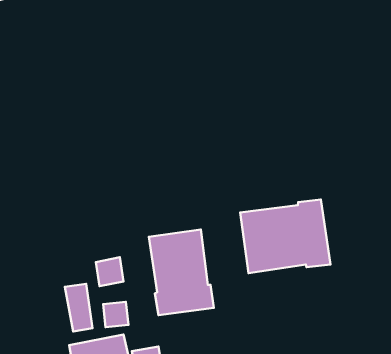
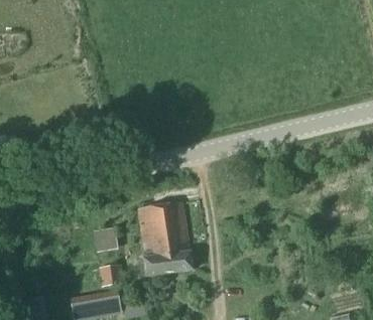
building: [240,200,331,273] -> none
building: [65,284,93,332] -> none

